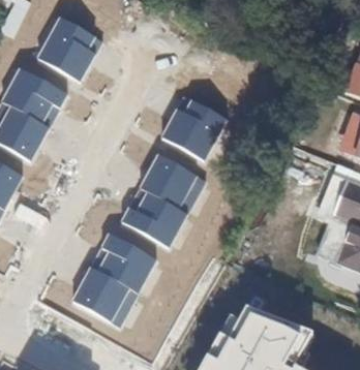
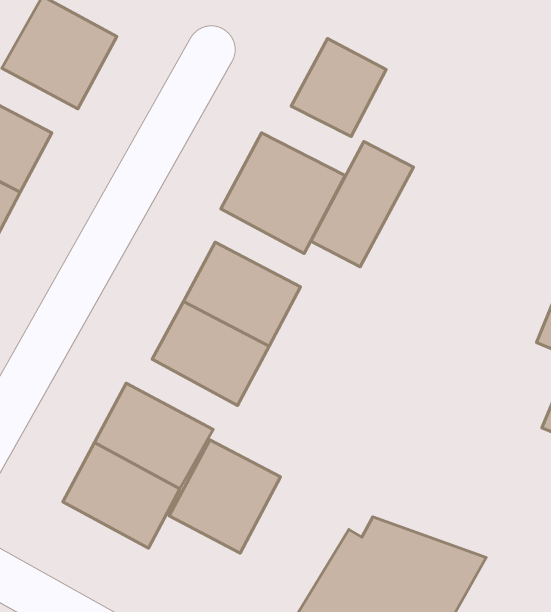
building: none -> [291,38,386,136]
building: none -> [311,141,413,267]
building: none -> [169,440,281,553]

